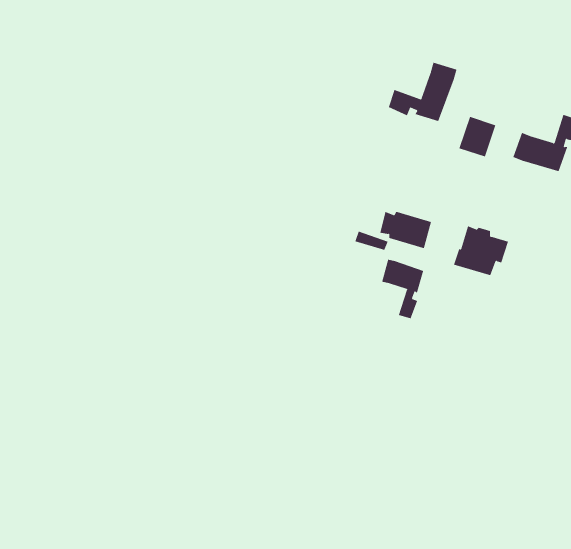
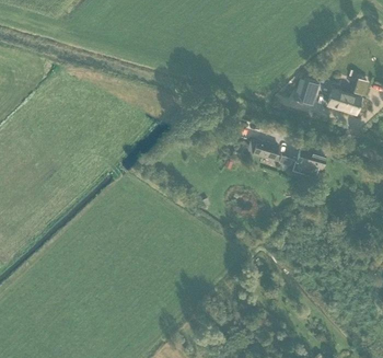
building: [388,62,457,122] -> none
building: [381,259,424,319] -> none

